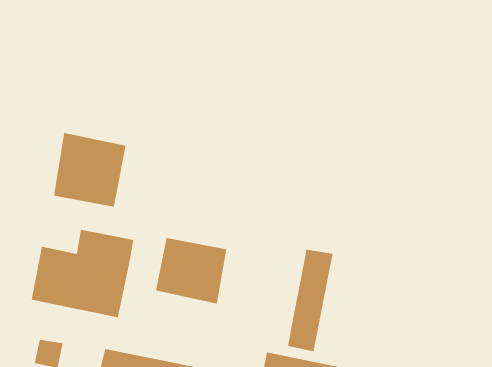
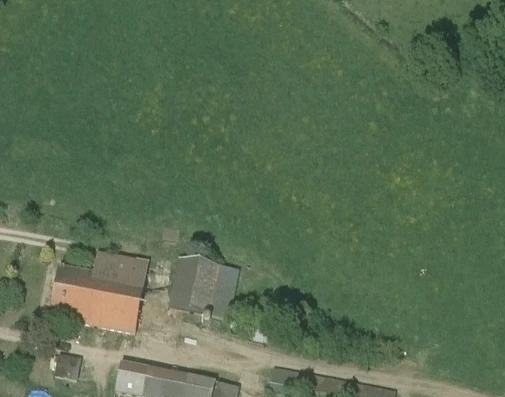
building: [54,132,126,207] -> none
building: [287,249,333,352] -> none

